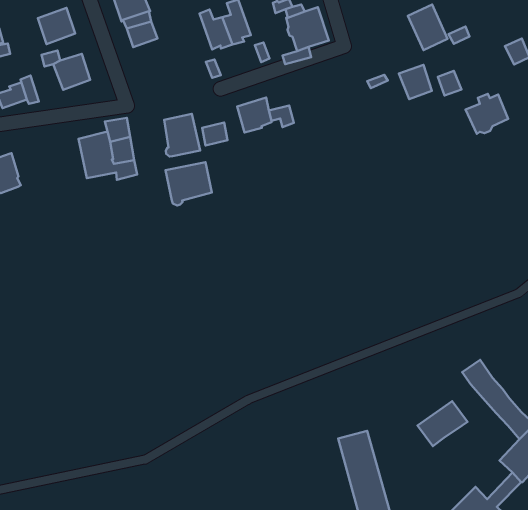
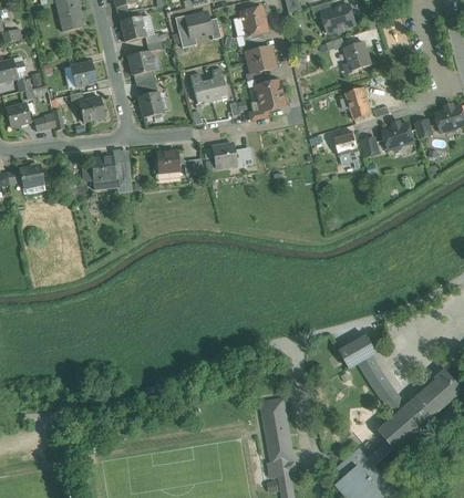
building: none -> [136,91,162,117]
building: [466,94,508,134] -> [382,121,413,149]
building: [166,162,212,206] -> none
building: [417,401,468,446] -> [339,335,377,367]

